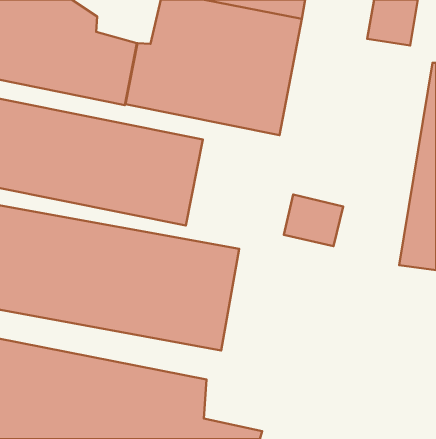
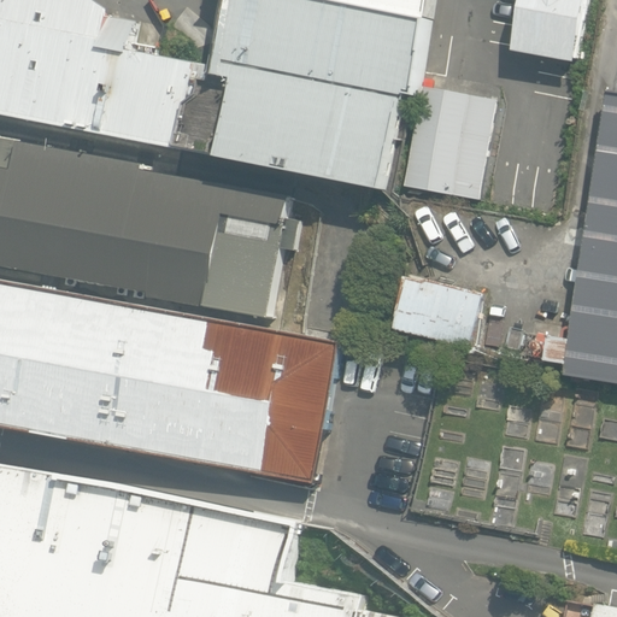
building: none -> [407,86,499,200]

